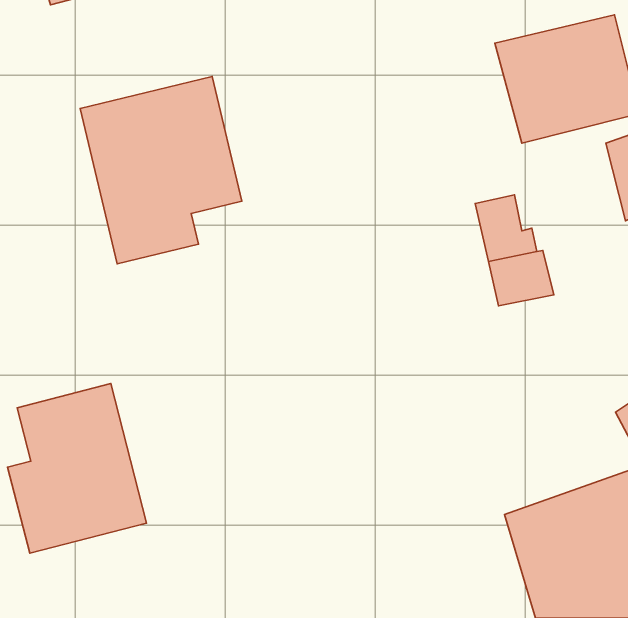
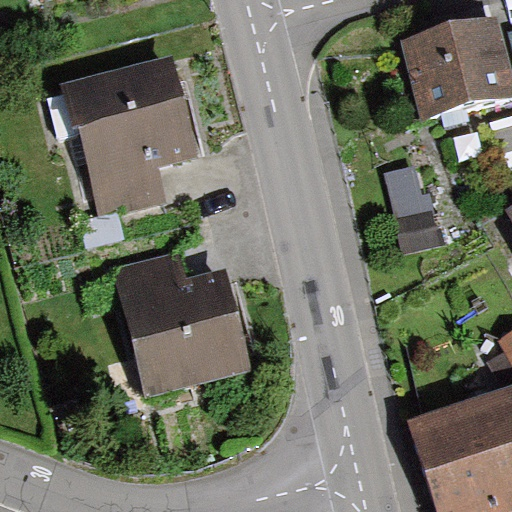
building: none -> [111,252,251,403]
building: [8,383,146,553] -> none

